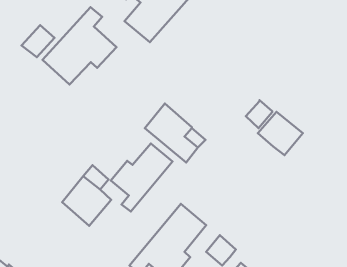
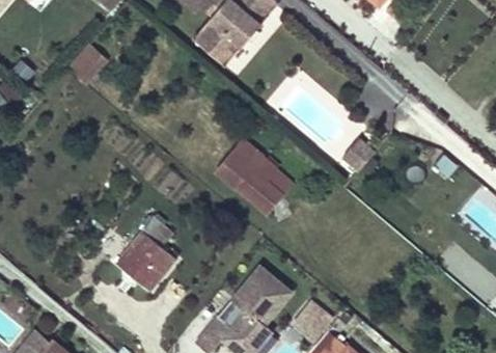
building: [43,7,116,85] -> none
building: [258,112,303,155] -> none
building: [111,144,172,212] -> none

